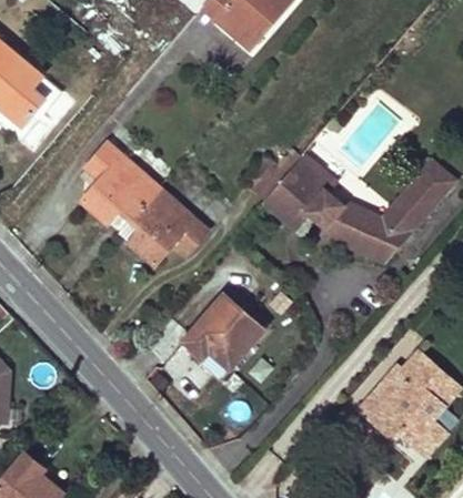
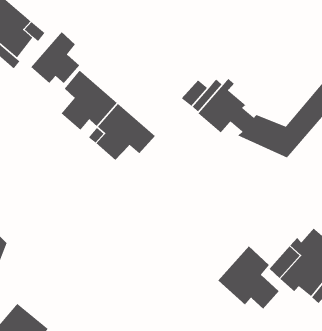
building: none -> [30,31,80,84]
building: [184,293,265,379] -> none
building: none -> [217,246,280,310]

